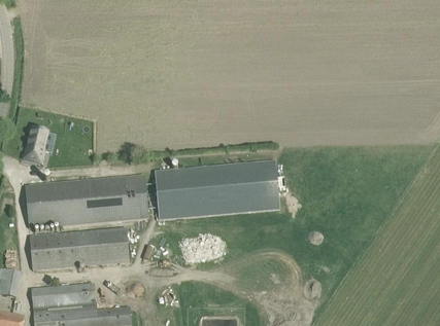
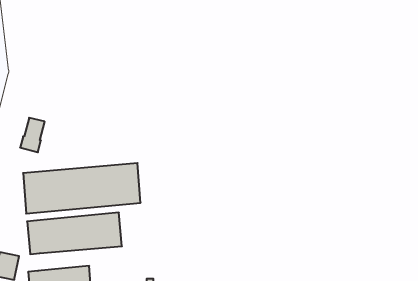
building: [155,159,284,218] -> none

